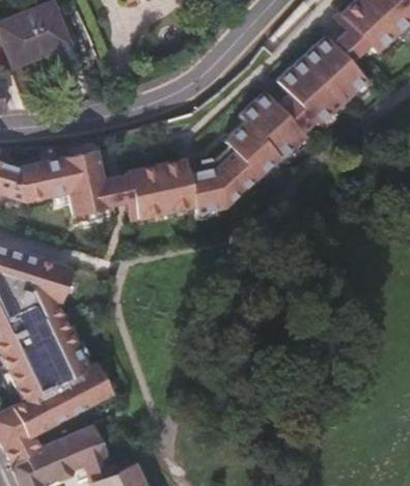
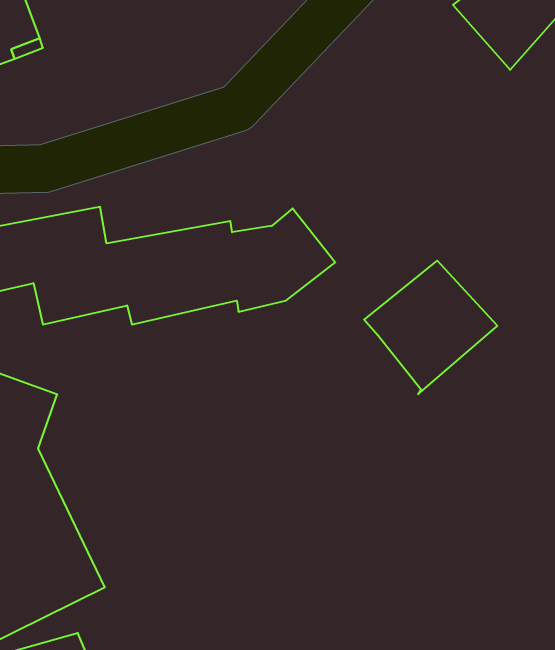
building: [275,36,361,127] -> none
building: [221,101,308,188] -> [364,261,497,394]

